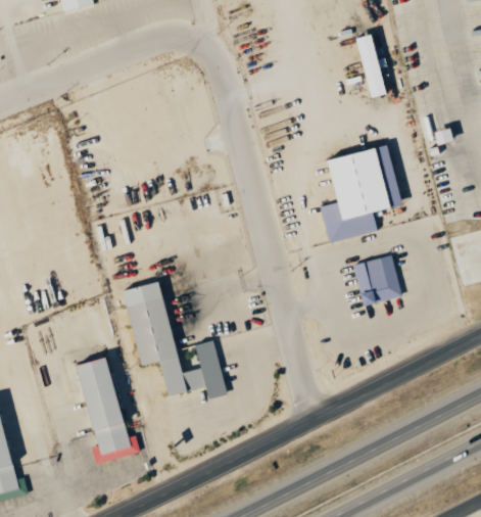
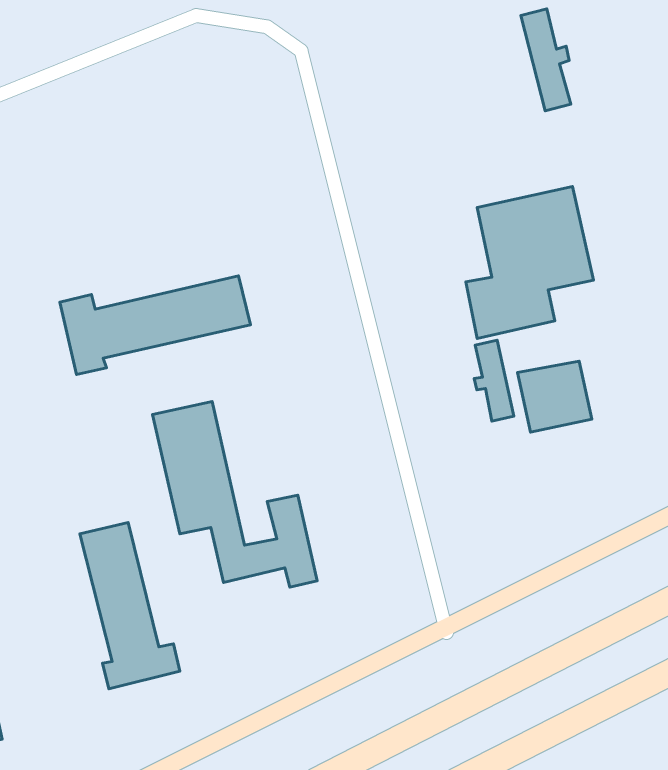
building: none -> [60,276,251,375]
building: none -> [474,340,514,421]

